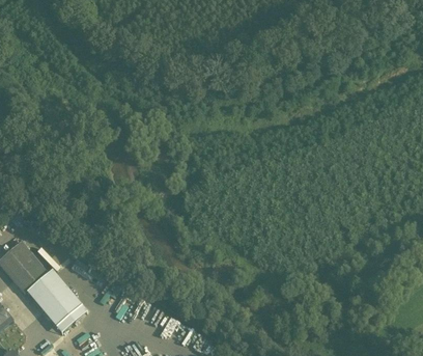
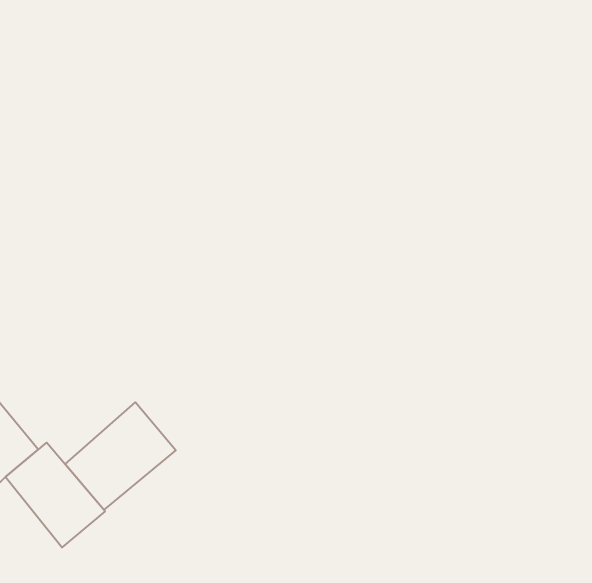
building: none -> [65,402,176,510]

